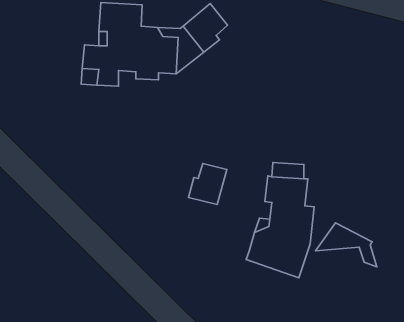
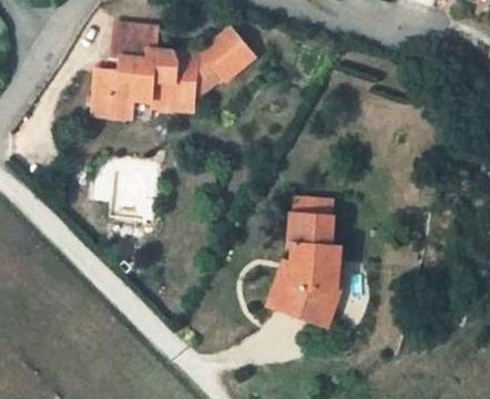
building: [189,163,227,205] -> none
building: [315,223,377,267] -> none

